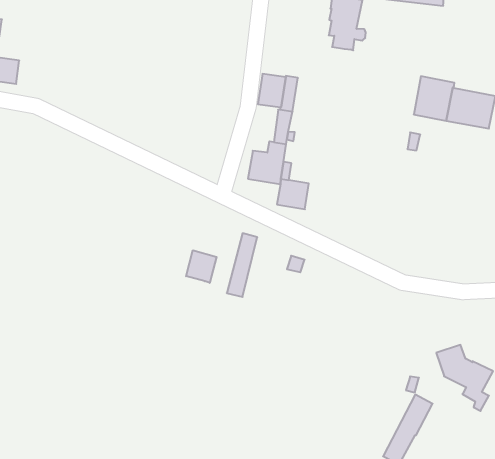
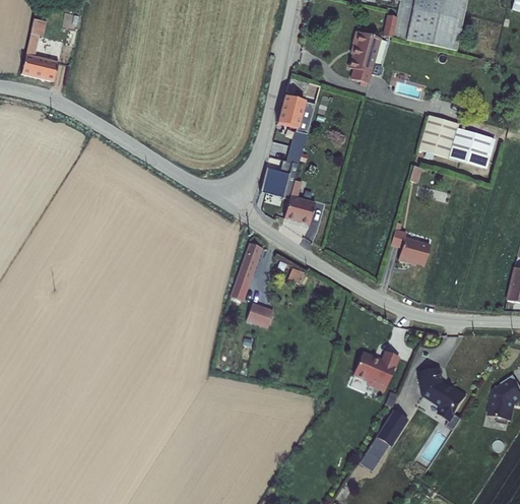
building: none -> [391,229,431,265]
building: [186,250,217,283] -> none
building: none -> [247,302,274,328]
building: none -> [353,349,400,390]

